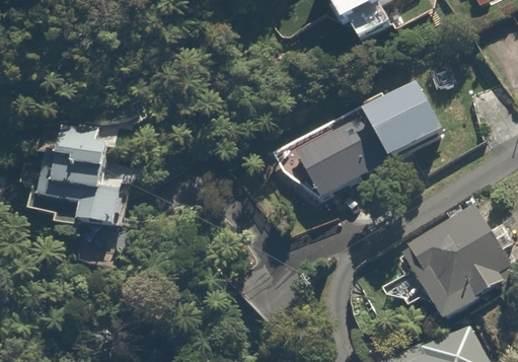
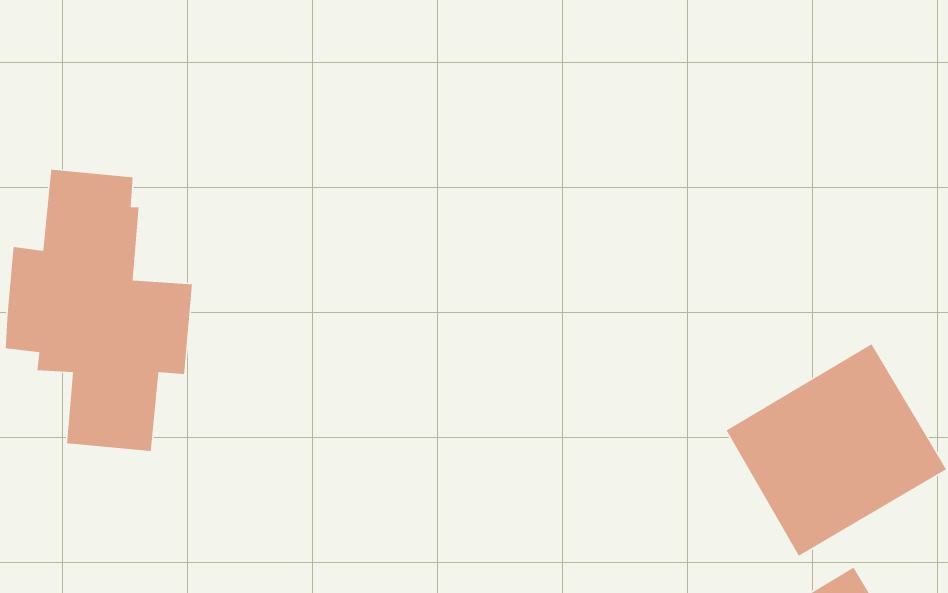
building: [272,77,440,200] -> none

